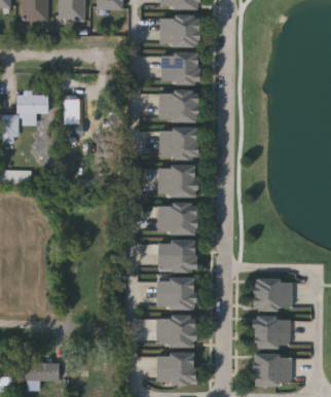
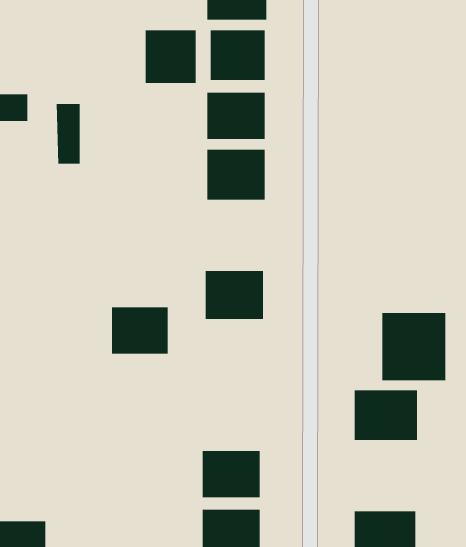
building: none -> [145,30,196,84]
building: [159,166,196,197] -> none
building: none -> [382,312,446,381]
building: [159,241,195,270] -> [111,307,168,354]
building: [157,279,194,309] -> none
building: [252,317,291,349] -> none

